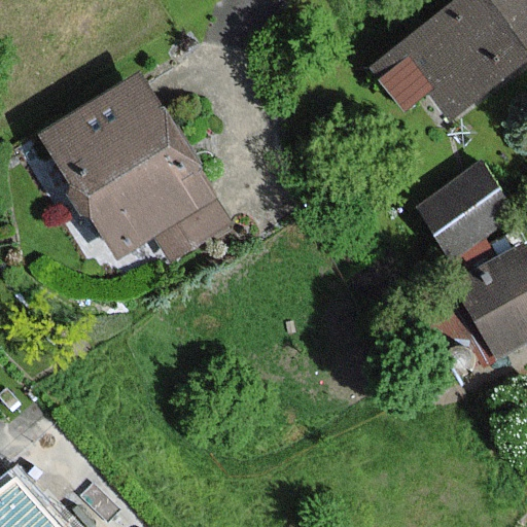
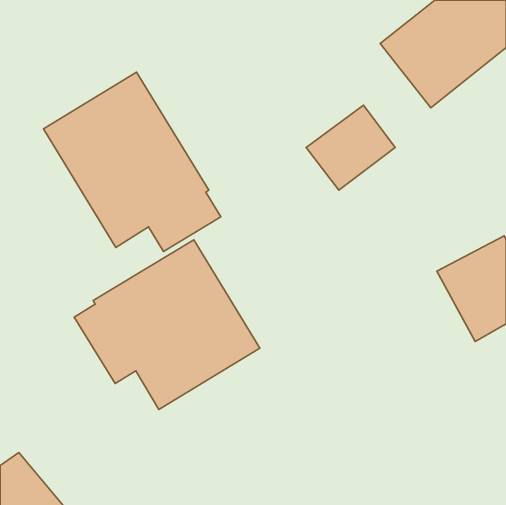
building: [419,165,512,253] -> [306,105,395,190]
building: none -> [74,240,260,410]

